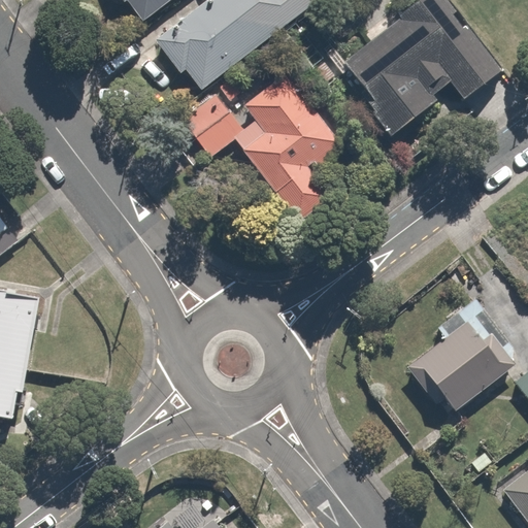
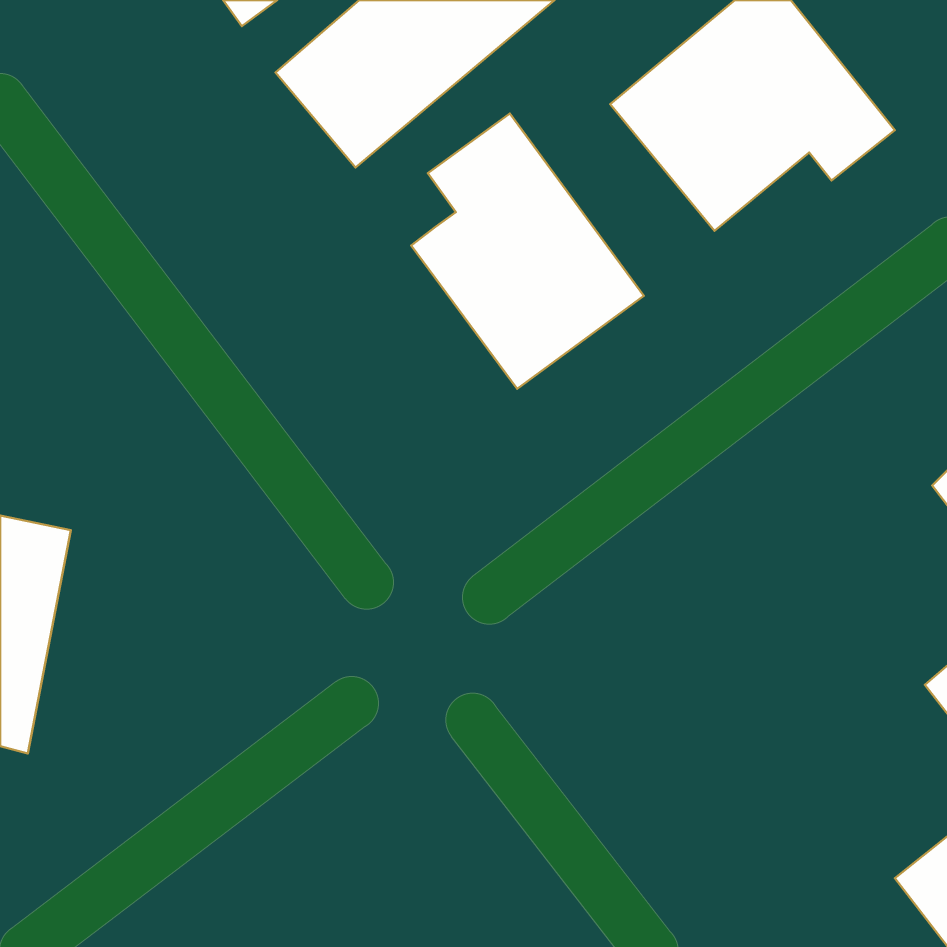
building: [180,89,243,154] -> none
building: [415,316,509,410] -> none

